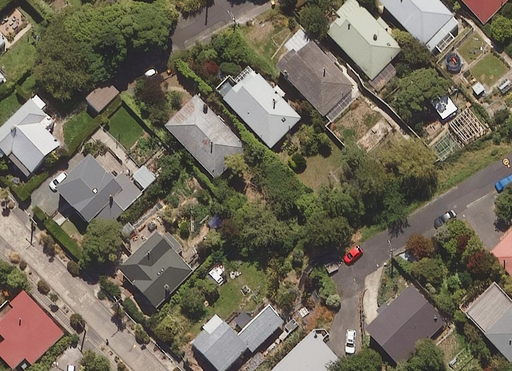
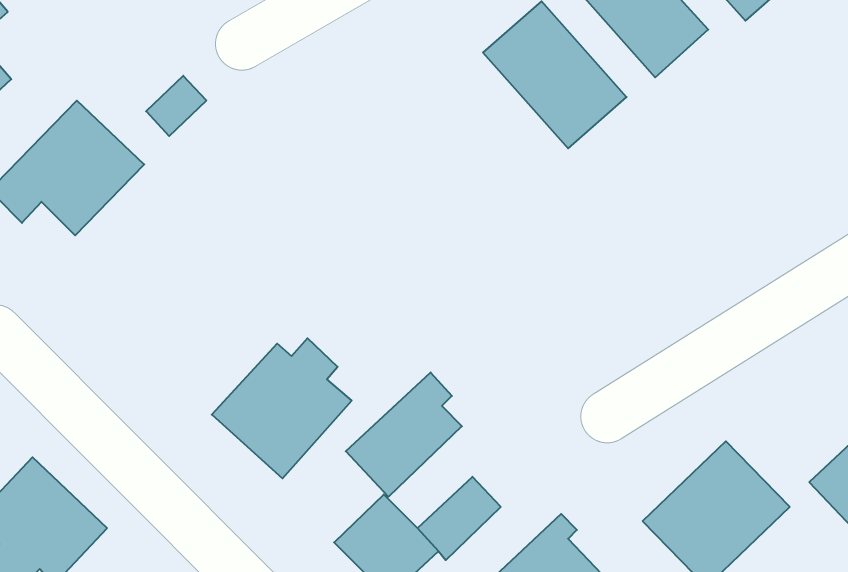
building: [218,62,301,147] -> none
building: [163,94,246,179] -> none
building: [55,157,155,232] -> none
building: none -> [346,372,462,497]

